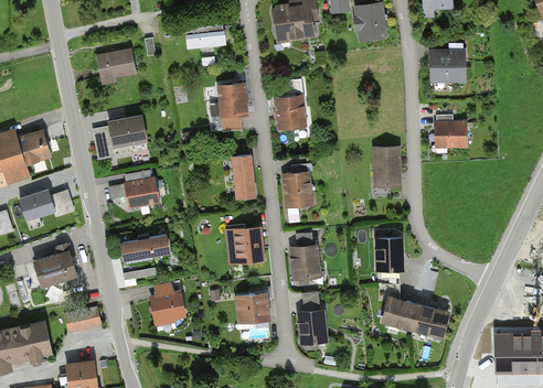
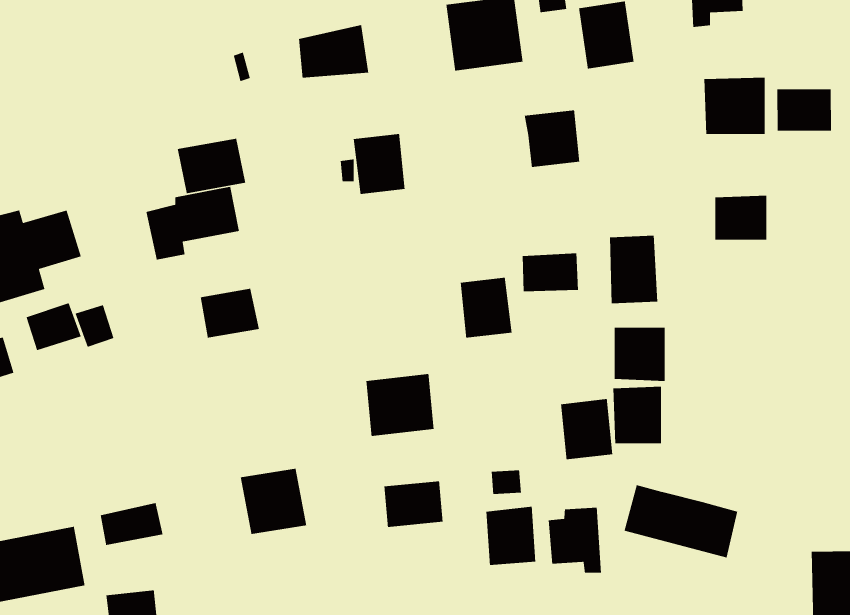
building: [95,48,137,83] -> [177,138,246,194]
building: none -> [776,88,832,131]
building: [273,95,307,130] -> [524,110,580,168]
building: [231,154,257,201] -> none
building: none -> [522,252,579,292]
building: none -> [614,327,665,382]
building: [120,233,171,262] -> none
building: [32,244,74,282] -> none
building: [289,244,321,281] -> [560,398,613,460]
building: none -> [548,507,602,573]

